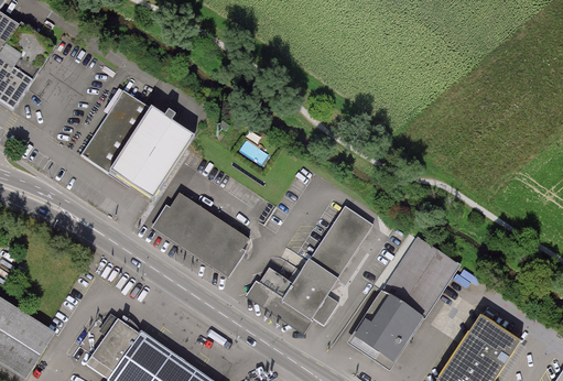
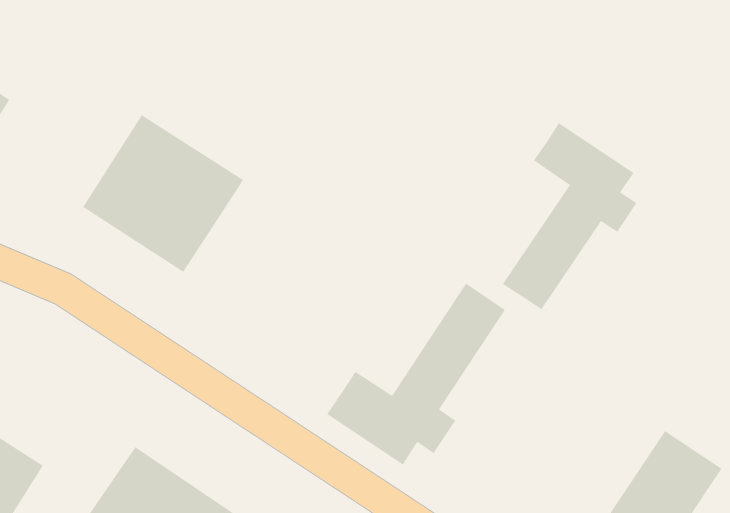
building: none -> [502,122,637,310]
building: [152,194,247,276] -> none
building: [354,237,458,359] -> none

